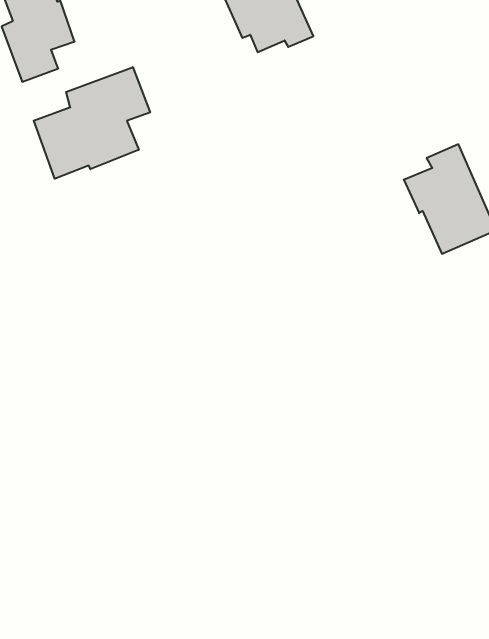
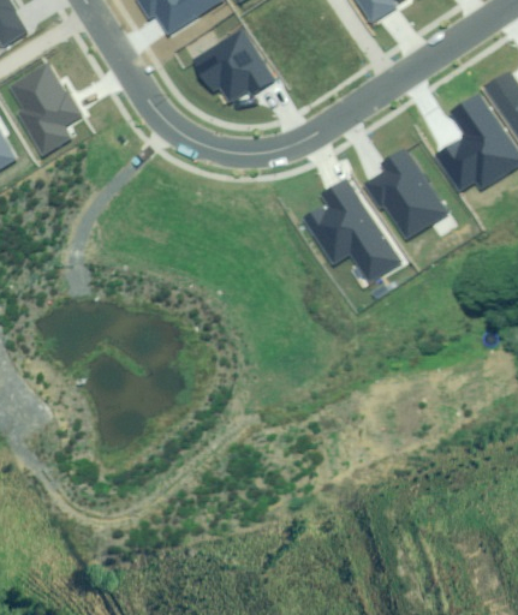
building: [34,67,150,179] -> none
building: none -> [305,178,401,280]

